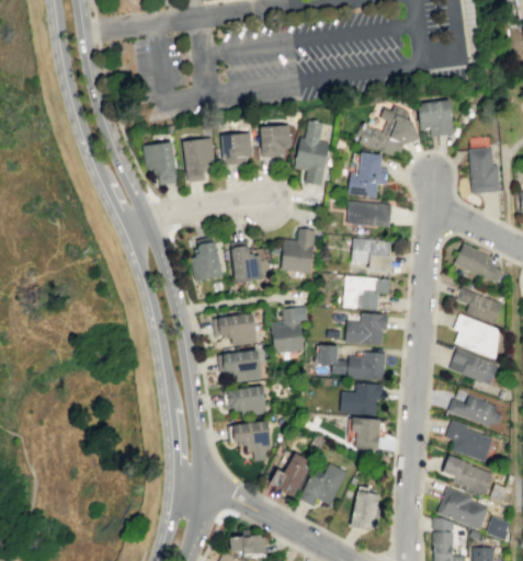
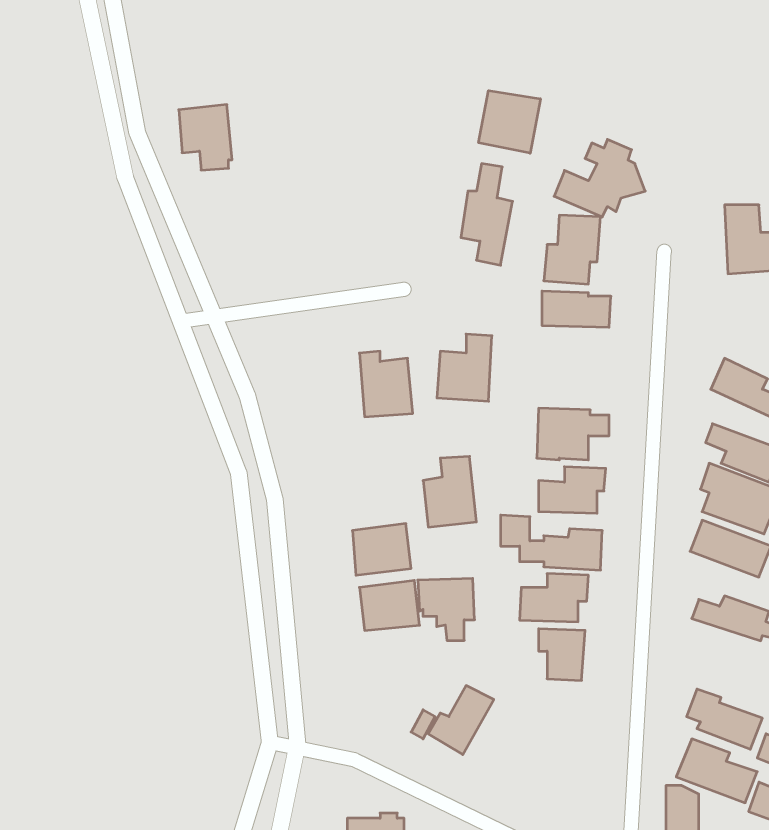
building: none -> [479,91,540,153]
building: [412,99,451,136] -> none
building: [261,126,294,156] -> none
building: [221,134,255,165] -> none
building: [184,138,218,181] -> none
building: [146,142,180,184] -> [179,105,232,170]
building: [193,236,228,284] -> none
building: [353,239,396,272] -> none
building: [223,312,260,344] -> none
building: [441,420,488,459] -> none
building: [238,422,274,461] -> [418,578,475,640]
building: [303,463,348,505] -> none
building: [345,490,375,528] -> none

